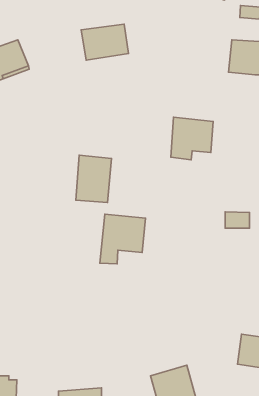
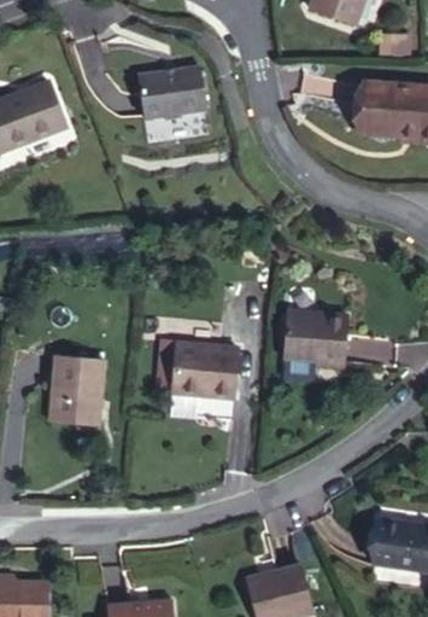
building: [171,117,213,160] -> [282,313,345,376]
building: [76,155,112,203] -> [51,356,104,426]

